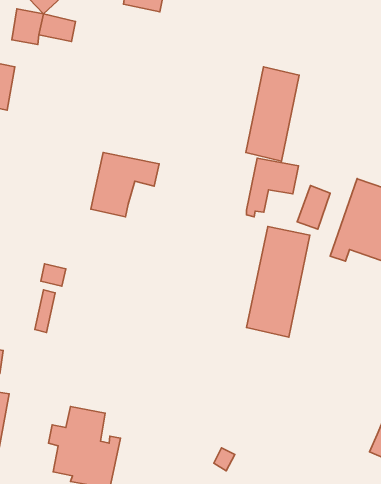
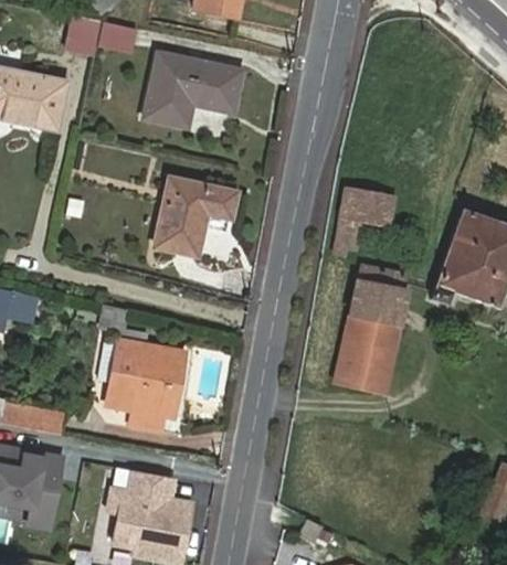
building: none -> [146,53,241,126]
building: [246,67,299,161] -> none
building: [297,185,330,229] -> none
building: none -> [108,340,187,430]

